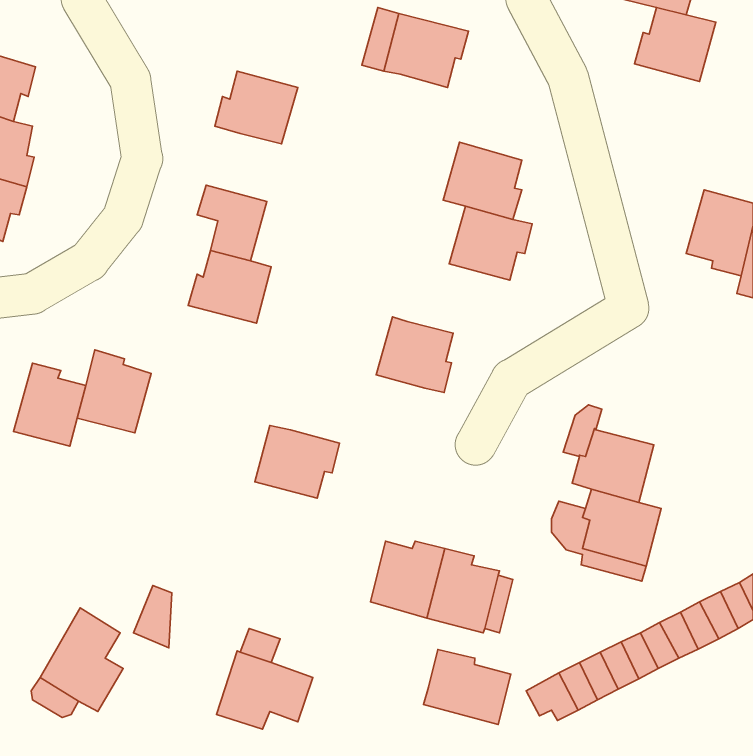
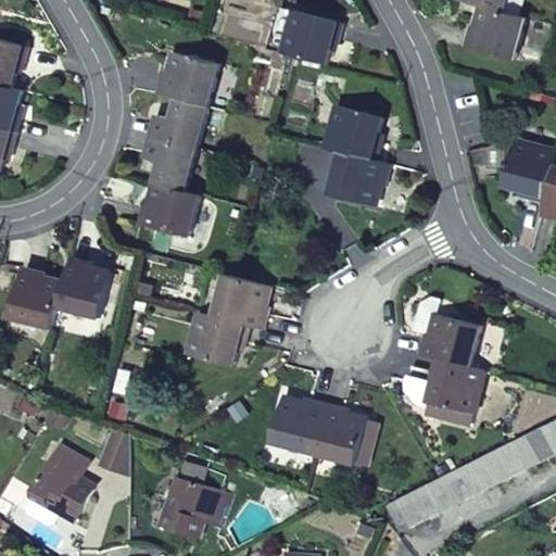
building: none -> [151,98,206,148]
building: [376,317,453,393] -> [213,273,269,328]
building: [424,649,511,725] -> none

